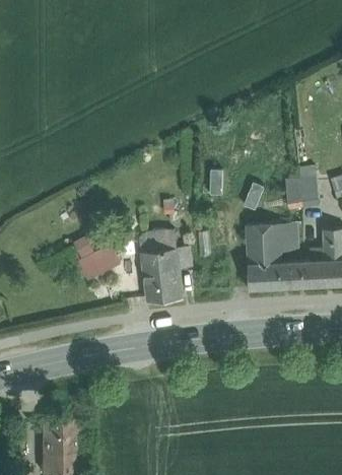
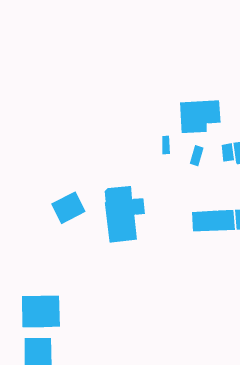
building: [246,222,297,264] -> [179,100,221,134]
building: none -> [21,295,61,328]

